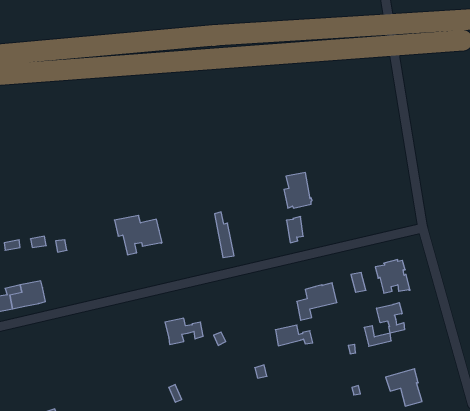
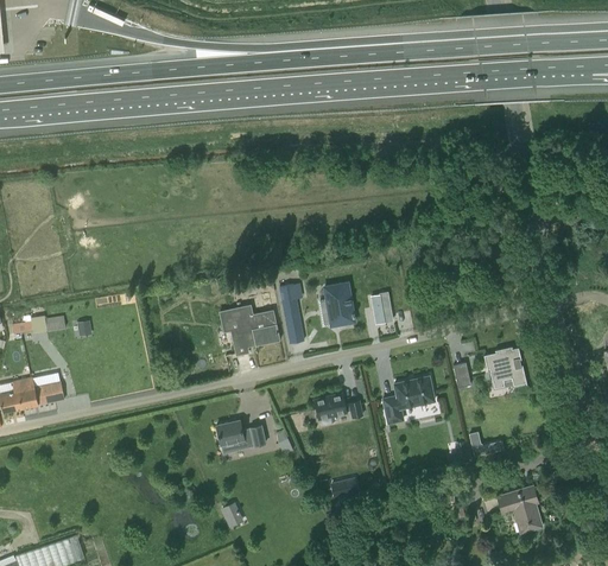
building: [284,173,312,208] -> [319,281,355,326]
building: [114,215,162,255] -> [220,306,280,356]
building: [377,303,404,333] -> none
building: [275,325,313,346] -> [315,394,362,420]

